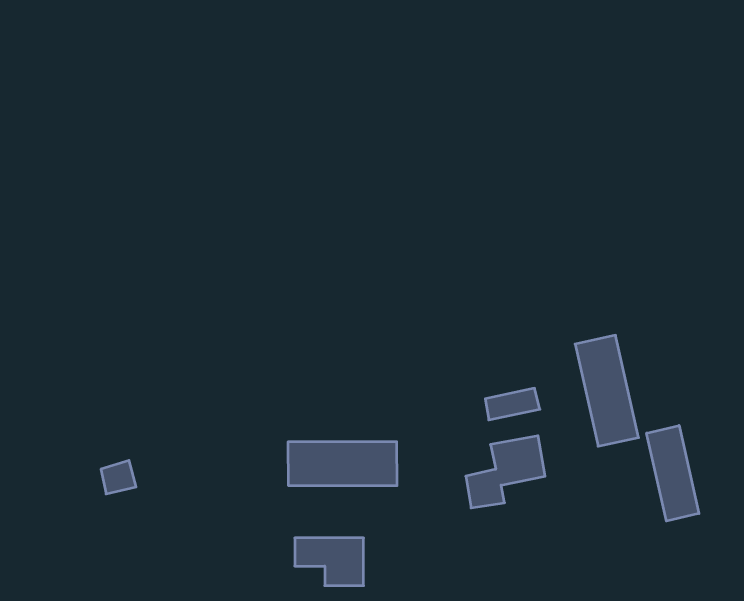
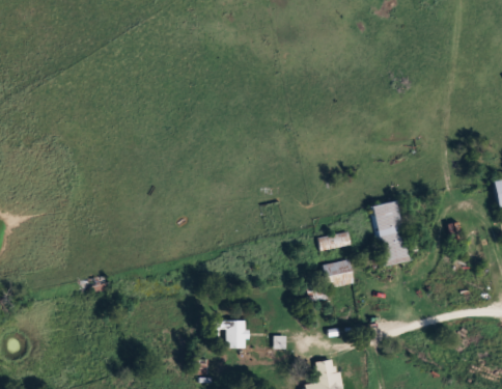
building: [647,425,699,521] -> none
building: [288,442,397,486] -> none

